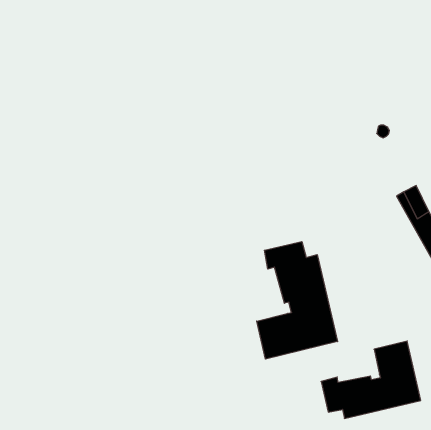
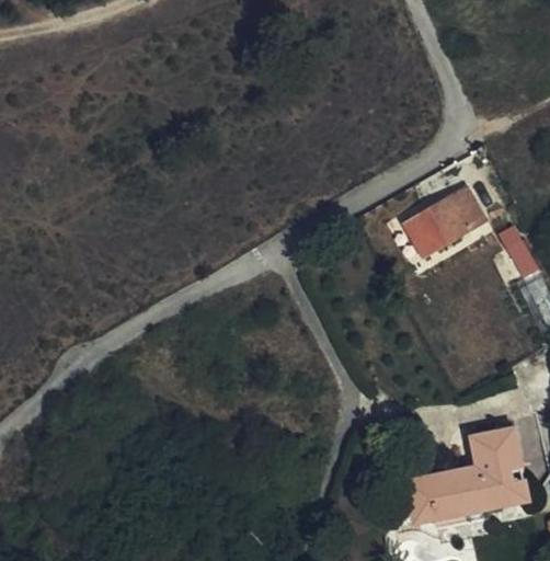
building: none -> [404,185,486,257]
building: [257,242,338,359] -> none

